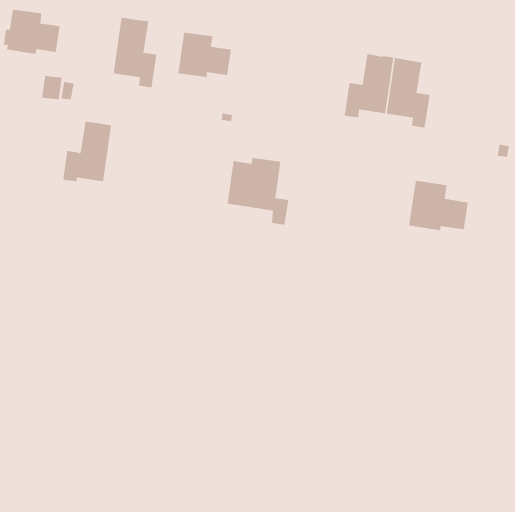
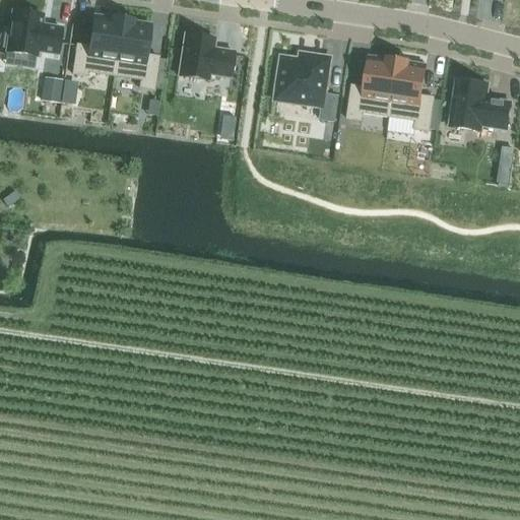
building: [63,121,112,182] -> [72,13,122,74]
building: [227,158,289,225] -> [275,52,338,120]
building: [408,180,469,231] -> [449,78,510,129]

